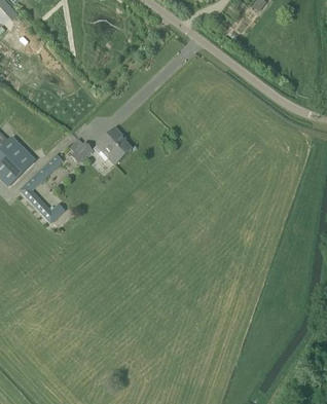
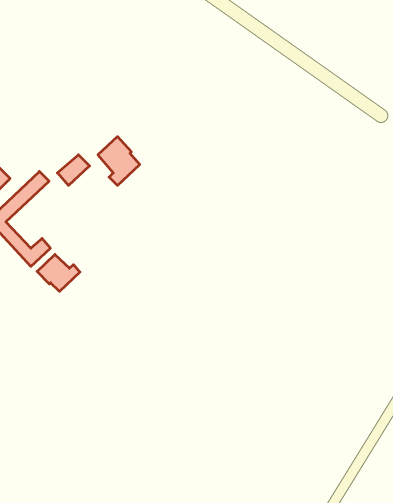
building: none -> [37,254,80,291]

